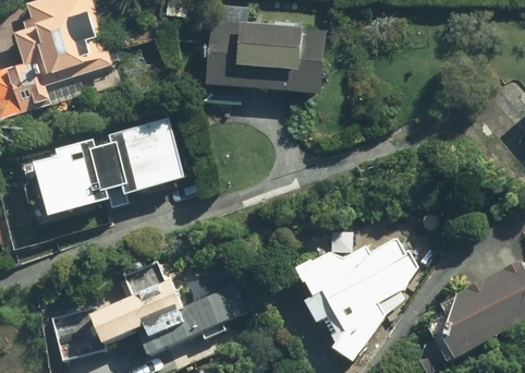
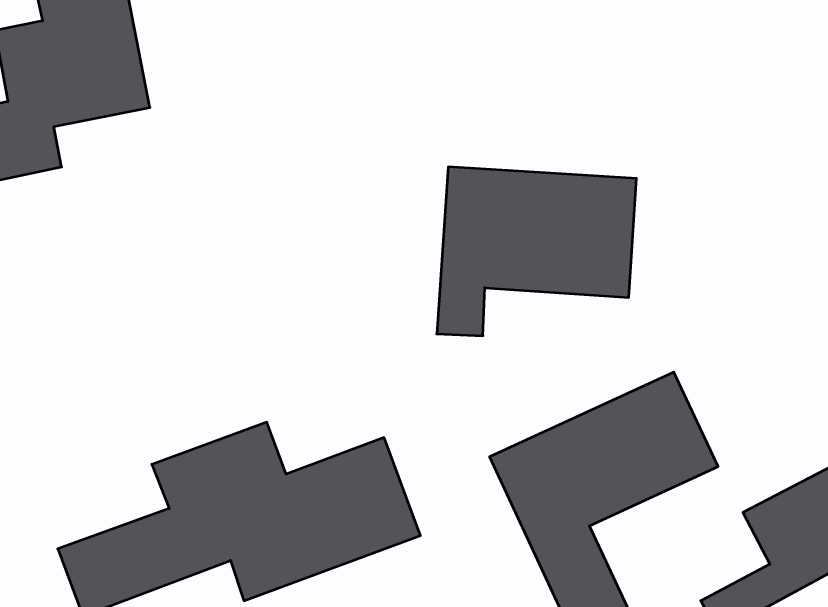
building: [209,19,322,115] -> [437,167,636,336]
building: [25,117,196,236] -> none

